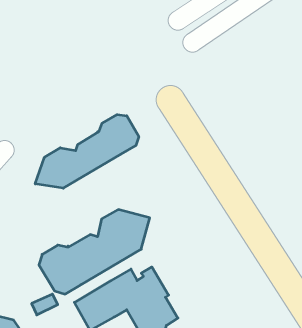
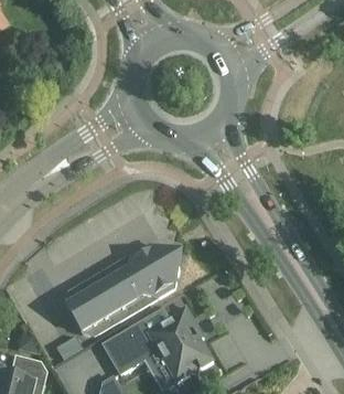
building: [35,115,139,188] -> none

